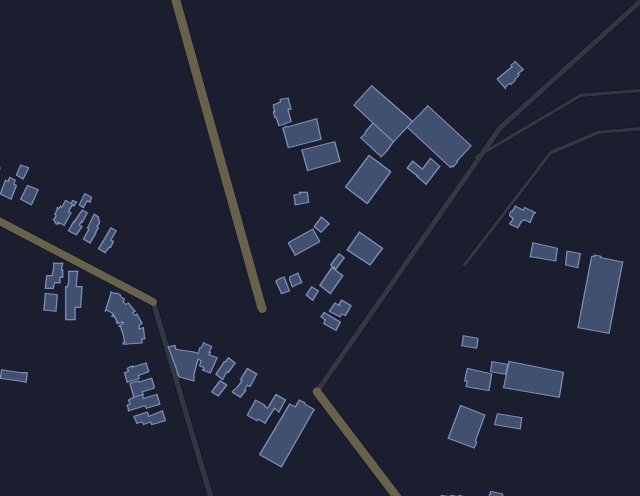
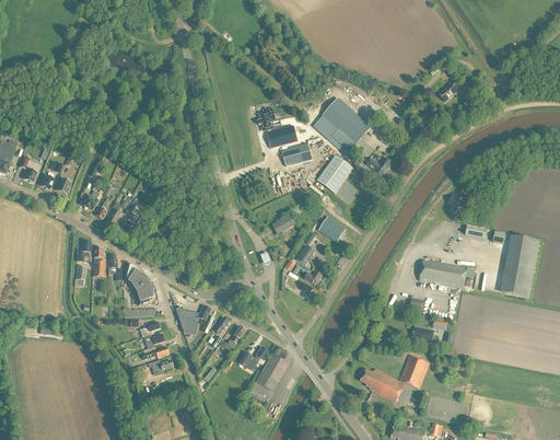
building: [407,106,471,167] -> none
building: [503,361,563,397] -> [418,259,466,288]
building: none -> [360,368,404,404]

